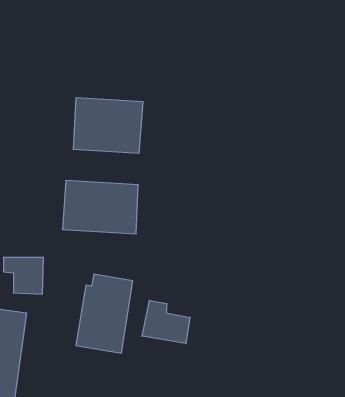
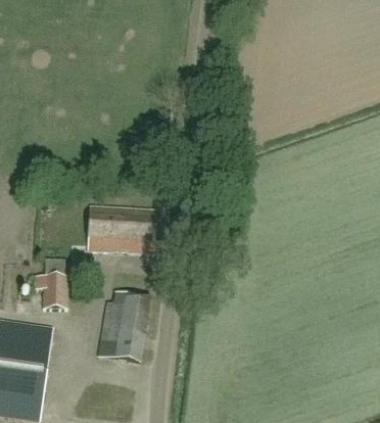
building: [73,98,143,153] -> none
building: [142,300,190,344] -> none

